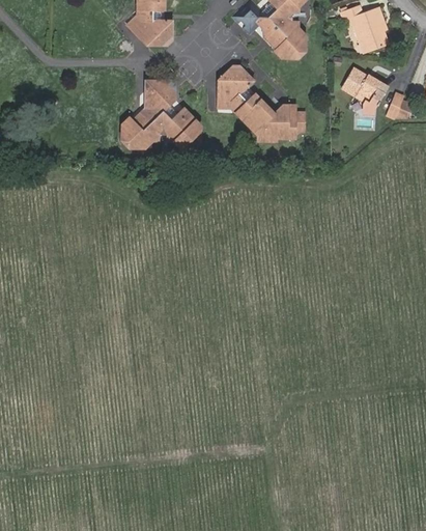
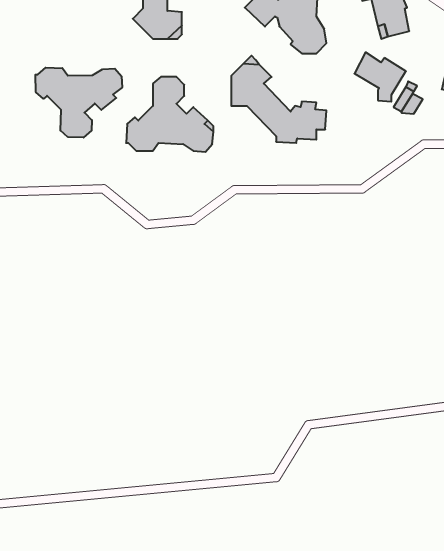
building: none -> [35,68,122,138]

